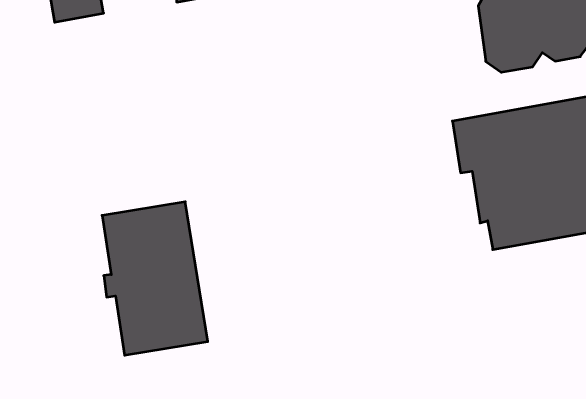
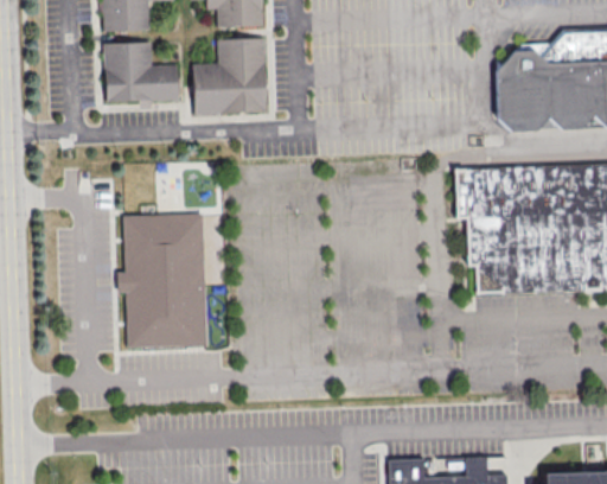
building: none -> [193,38,268,116]
building: none -> [104,40,178,102]

